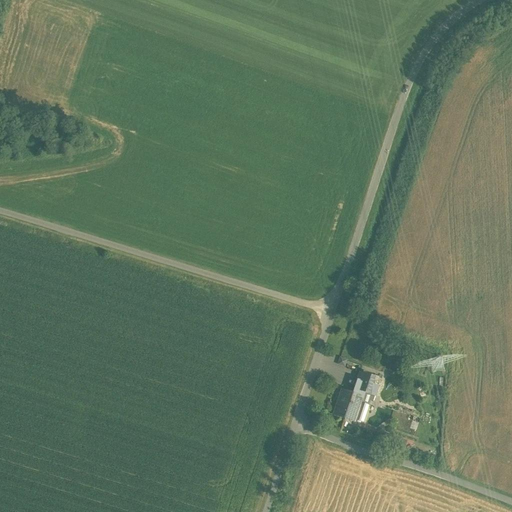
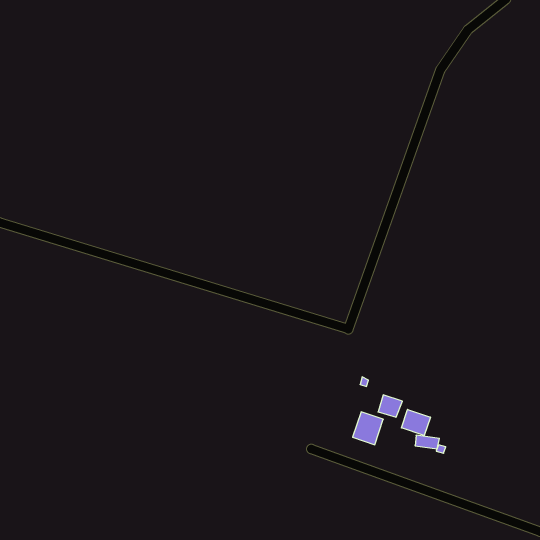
building: none -> [401,409,430,436]

